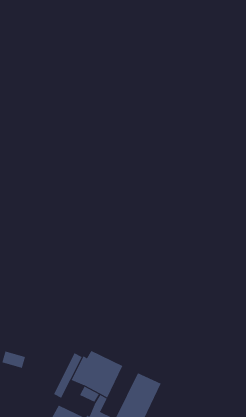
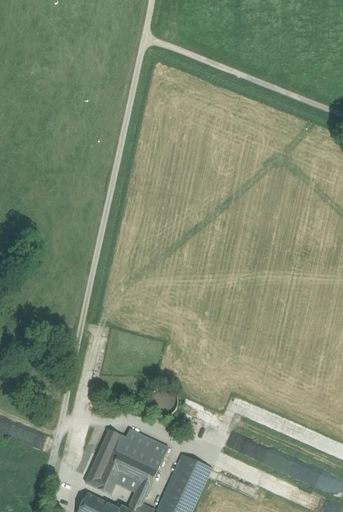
building: none -> [92,464,119,494]

